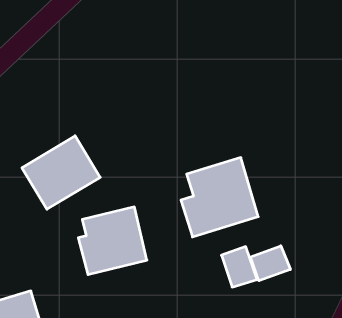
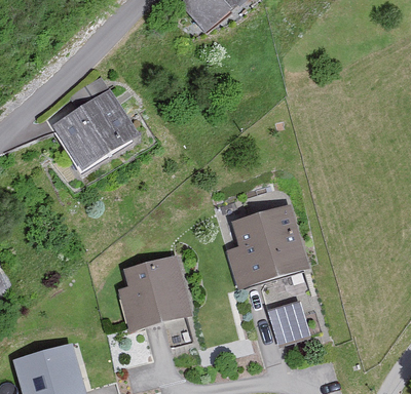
building: [22,136,100,209] -> [50,92,134,170]
building: [251,246,290,281] -> none

